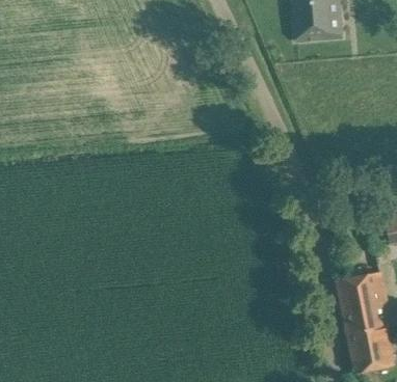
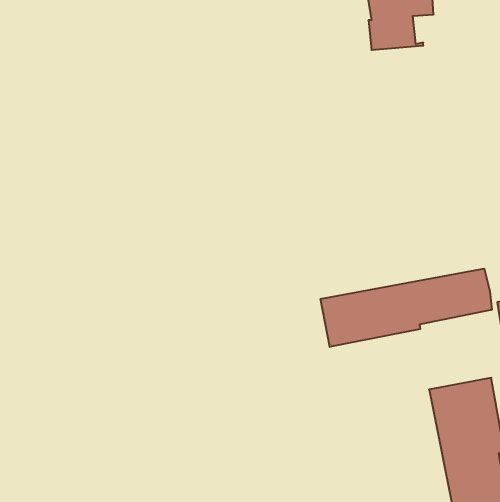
building: none -> [321,269,492,347]

